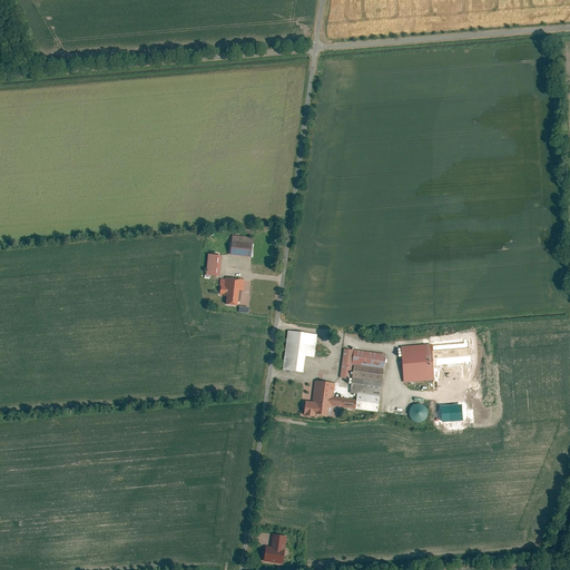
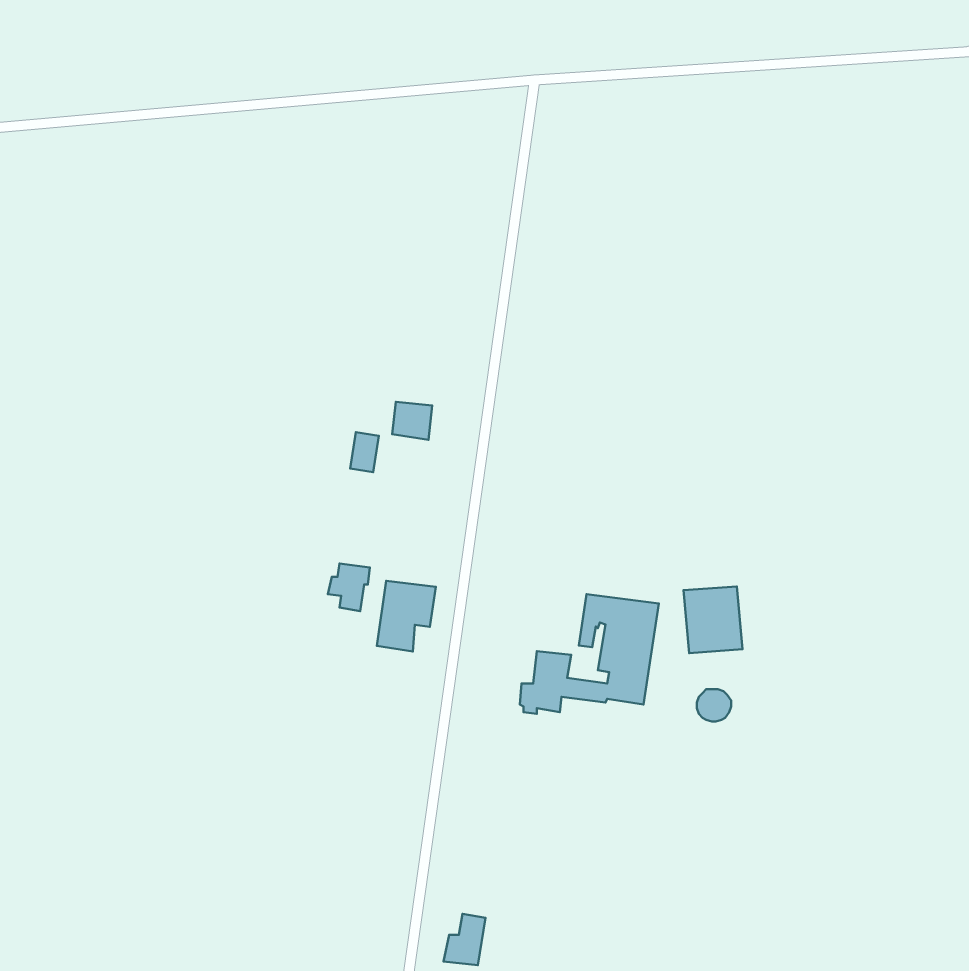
building: [218,277,243,305] -> [328,564,370,611]
building: [282,331,316,372] -> [377,581,436,651]

